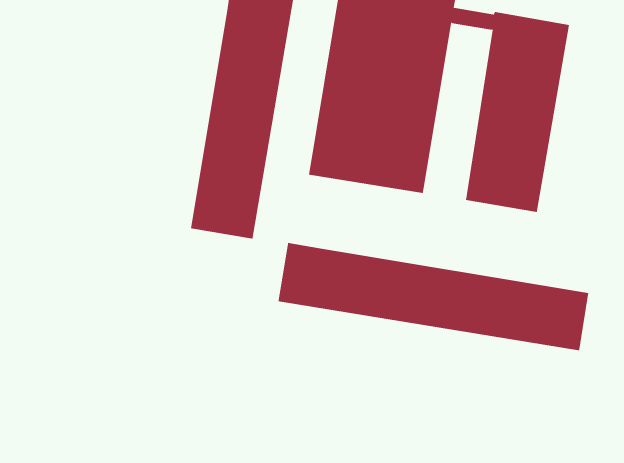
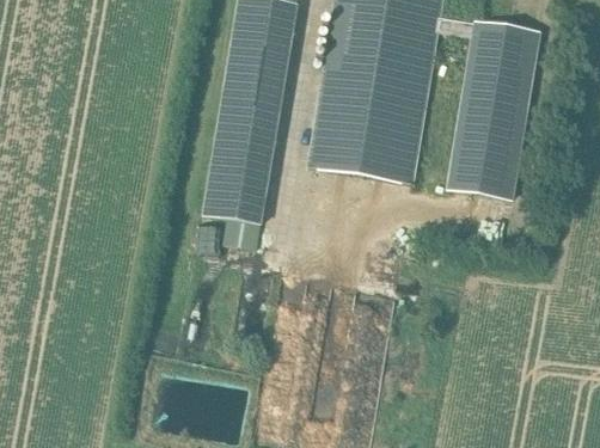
building: [278,242,589,351] -> none

